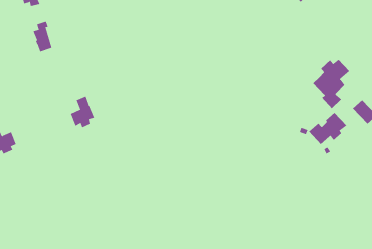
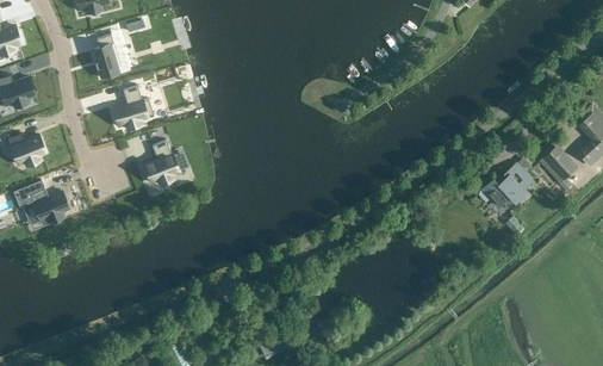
building: none -> [113,85,154,129]
building: [313,59,350,109] -> none

